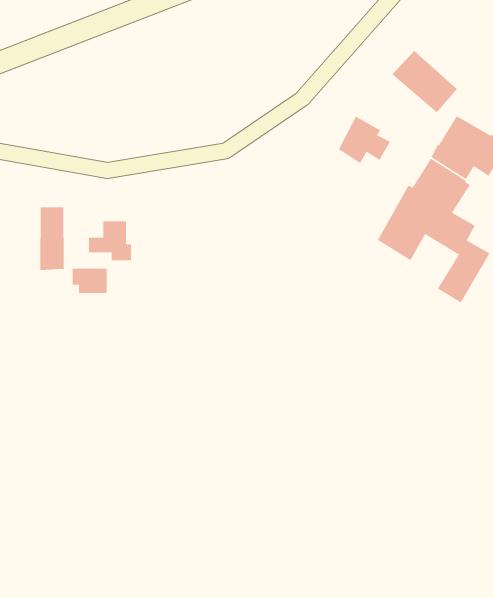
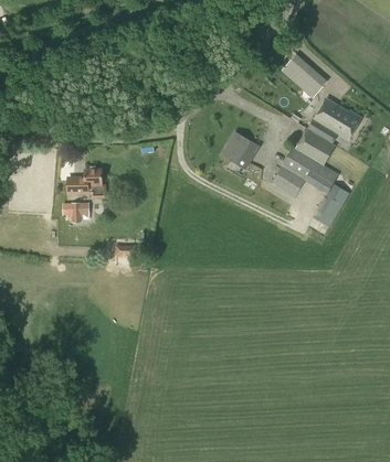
building: [338,115,391,164] -> [222,131,259,164]
building: [40,206,65,271] -> none

